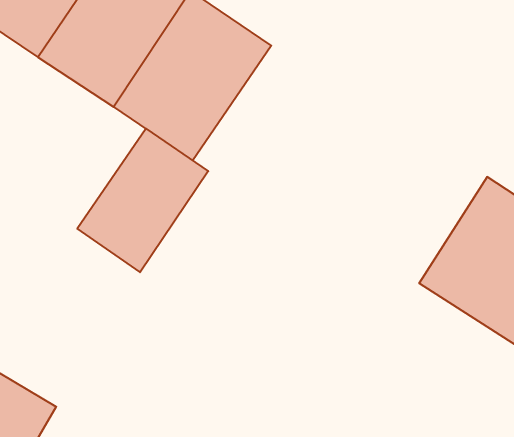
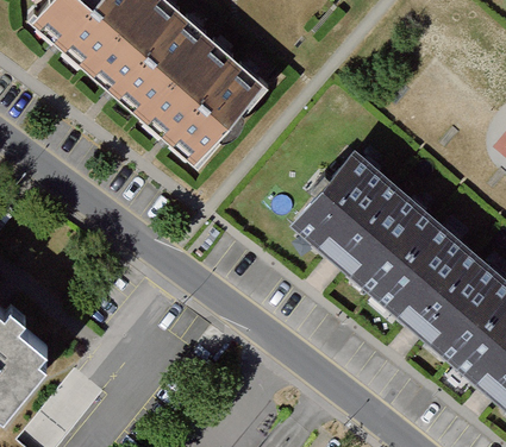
building: none -> [280,141,433,294]
building: [77,129,208,272] -> none

